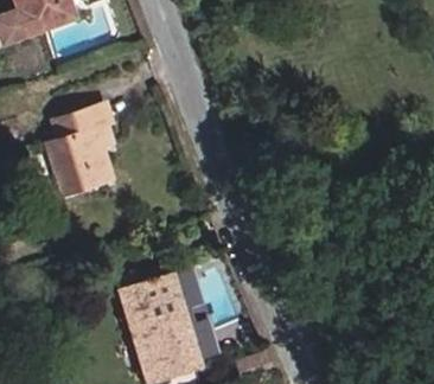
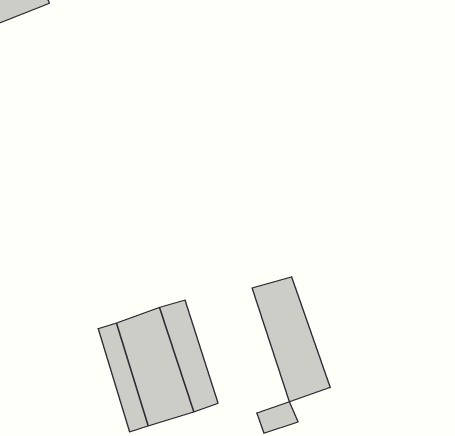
building: [37,98,113,196] -> none
building: none -> [252,277,330,402]

